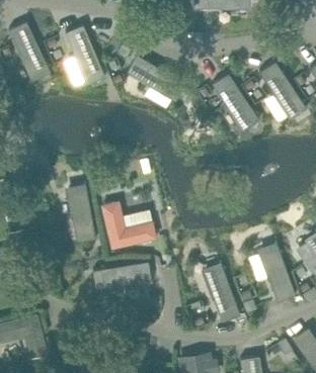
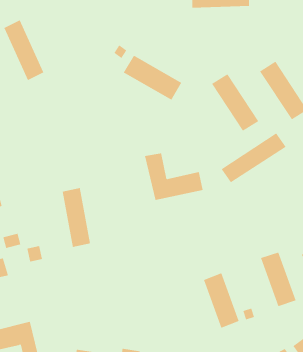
building: [67,25,105,84] -> none
building: none -> [221,133,286,183]
building: [103,203,161,250] -> [144,153,204,201]
building: [93,265,152,294] -> none

